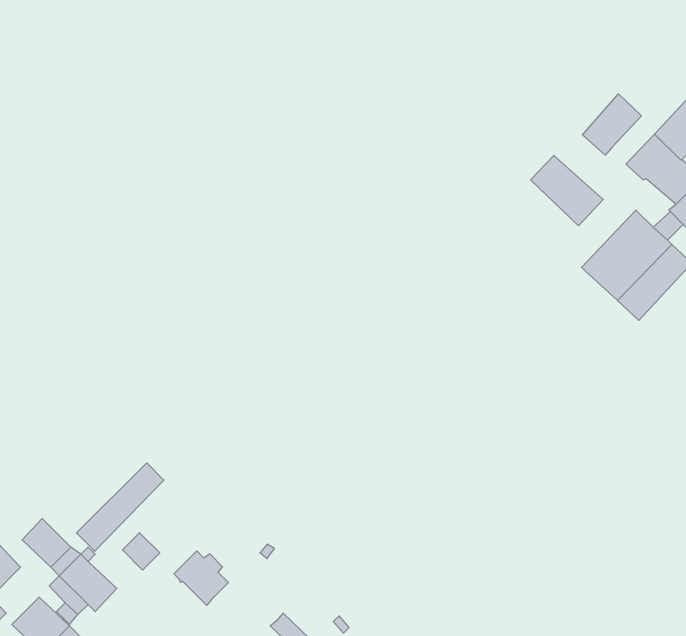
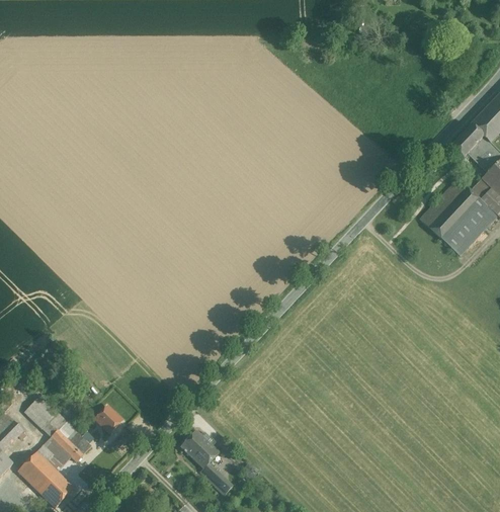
building: [582,94,641,155] -> none
building: [531,155,603,226] -> none
building: [76,463,164,551] -> none
building: [174,551,228,605] -> [181,430,220,468]

